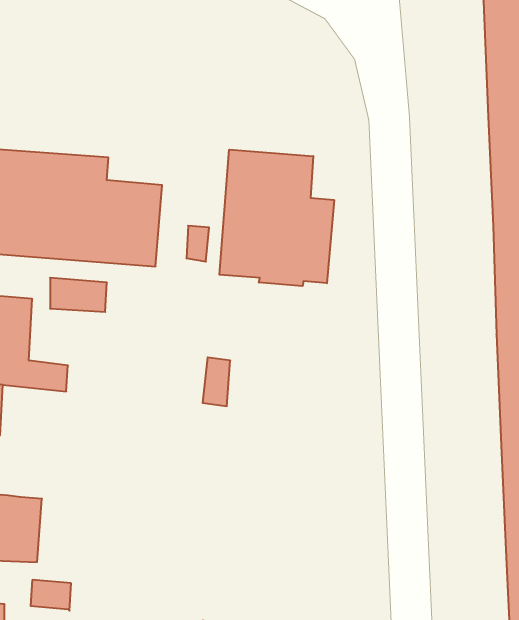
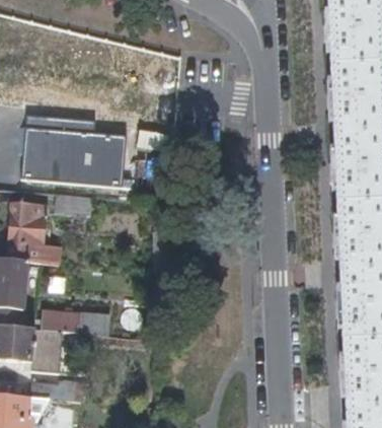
building: [219,150,334,286] -> none
building: none -> [39,309,109,336]

